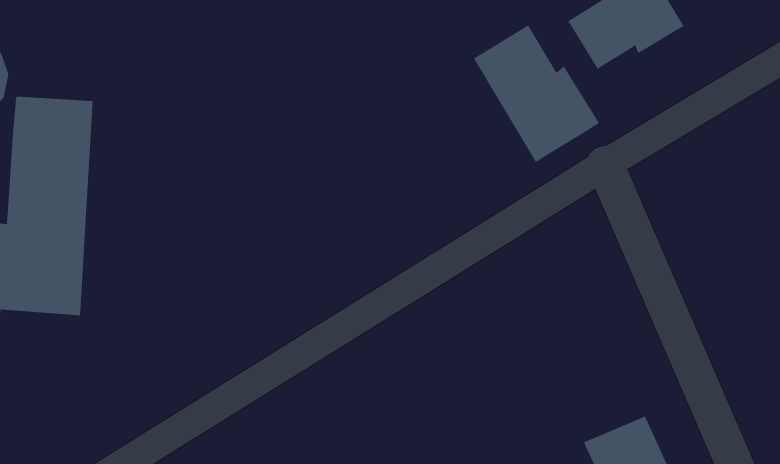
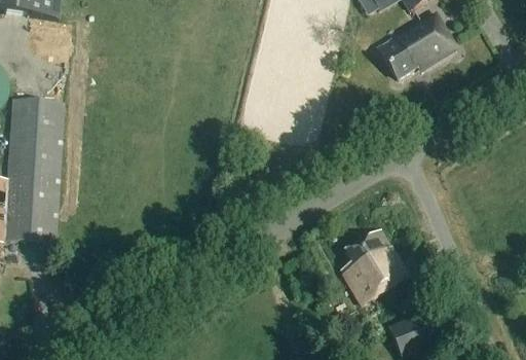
building: [473,25,600,163] -> none
building: none -> [339,228,407,304]

